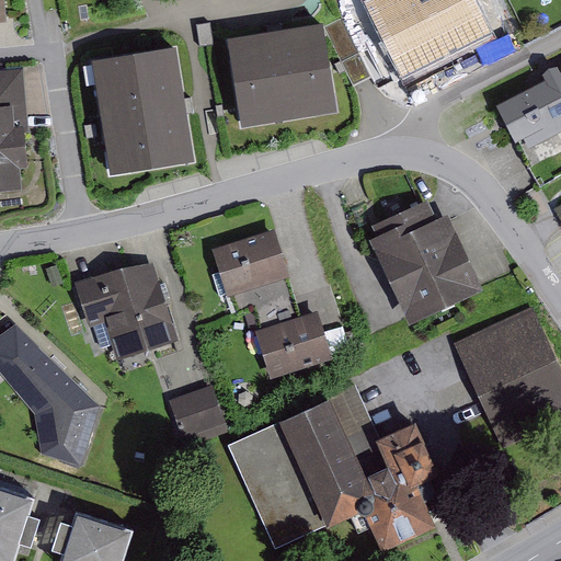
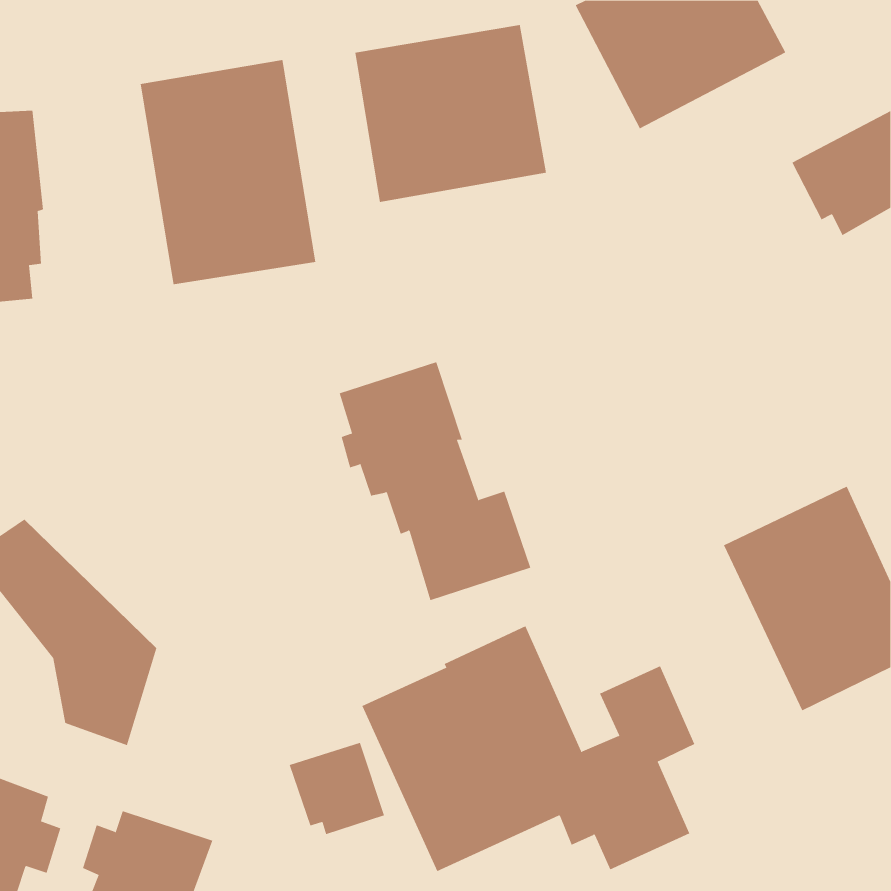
building: [368,199,483,323] -> none
building: [73,263,178,359] -> none
building: [330,383,388,472] -> none
building: [168,386,228,444] -> [289,742,385,835]

